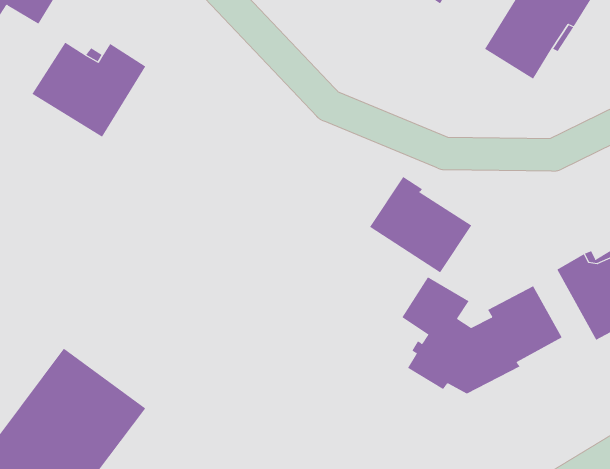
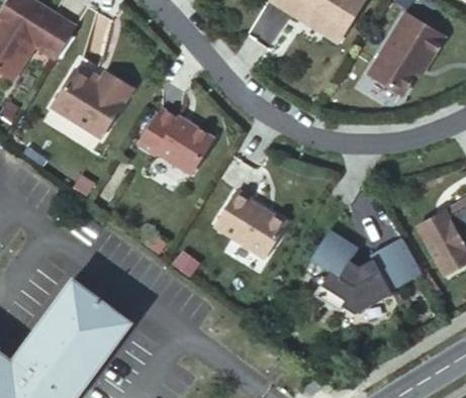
building: none -> [138,107,212,173]
building: [369,176,472,273] -> [214,188,286,256]

